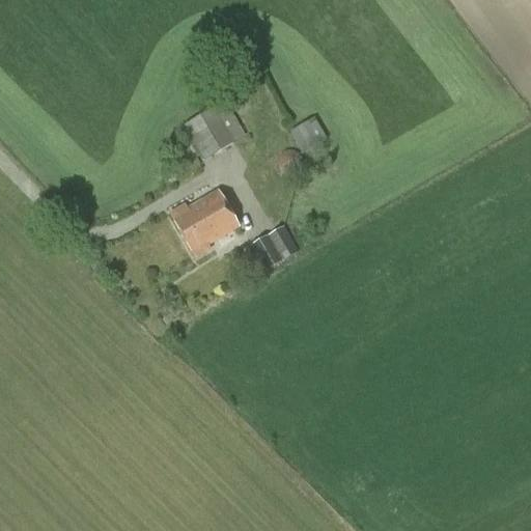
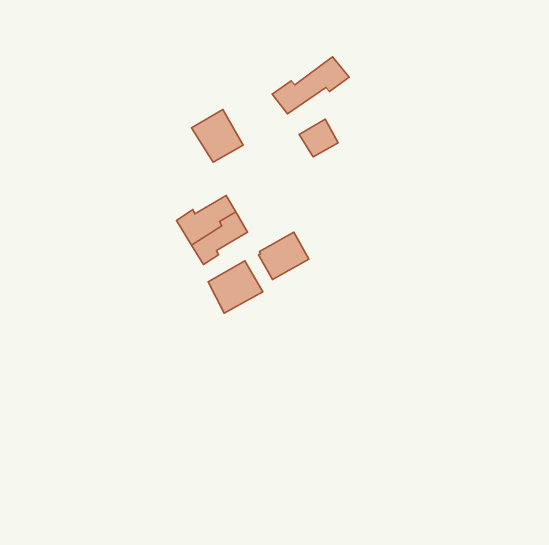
building: none -> [272,57,349,114]
building: none -> [208,261,263,313]

